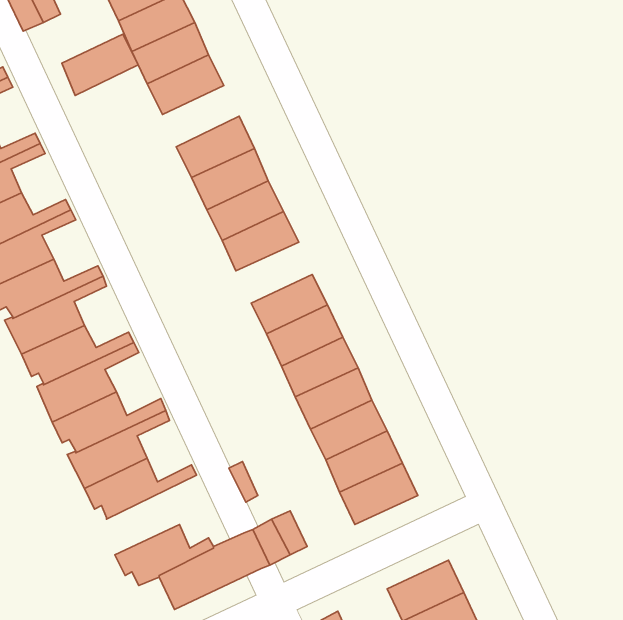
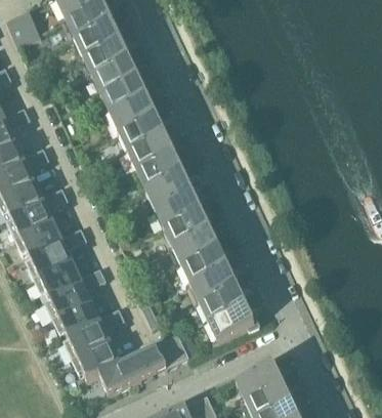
building: [62,34,138,95] -> [102,78,148,115]
building: none -> [146,172,193,209]
building: none -> [65,312,126,361]

